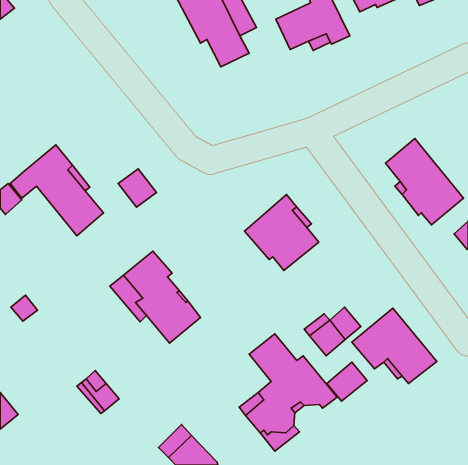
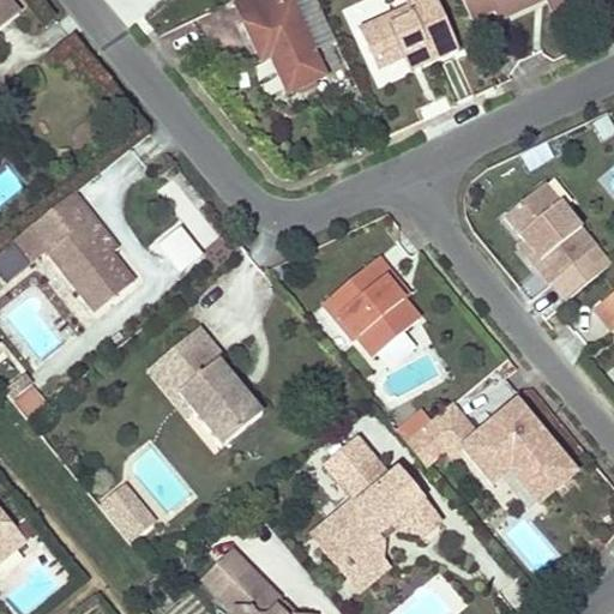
building: [327,362,367,401] -> none

